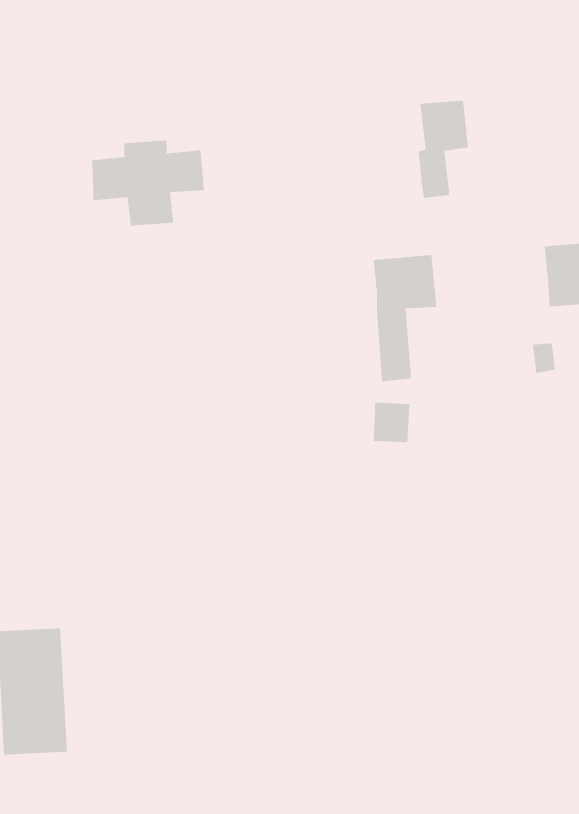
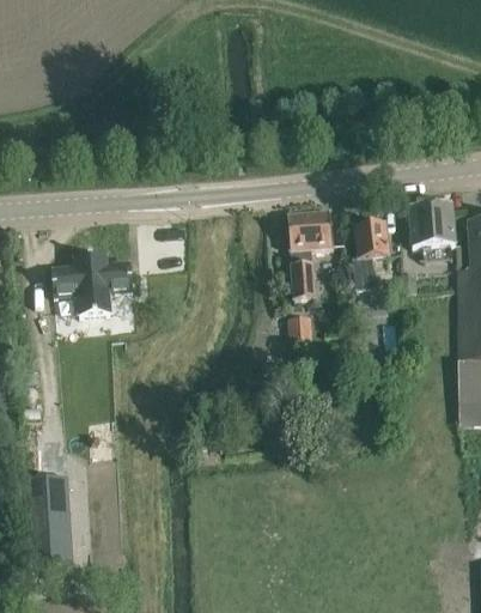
building: [418,100,469,199] -> [353,221,389,291]
building: [91,140,205,226] -> [51,254,132,315]

